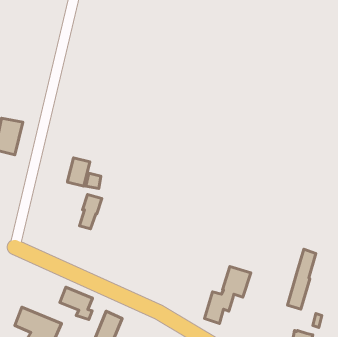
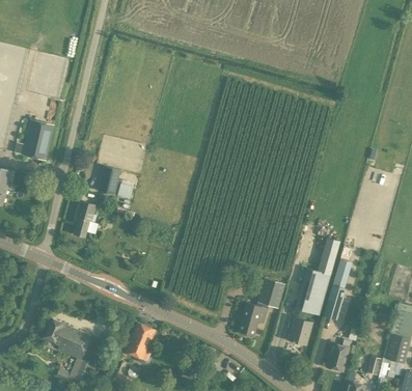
building: [79,194,102,229] -> [72,201,94,236]
building: none -> [287,238,338,344]
building: [60,287,92,320] -> none

